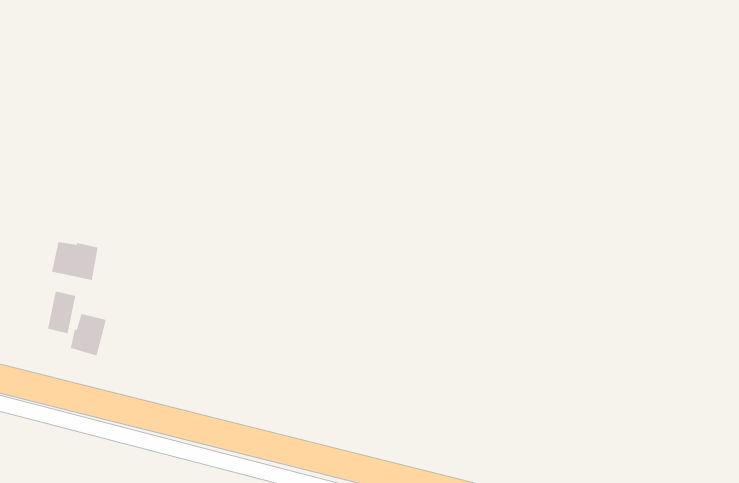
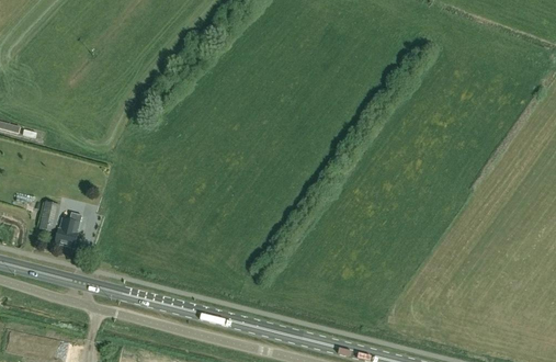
building: [51,241,99,281] -> none

